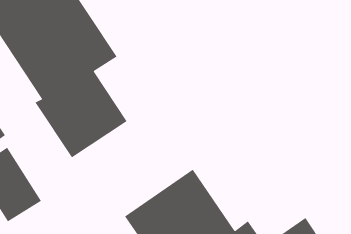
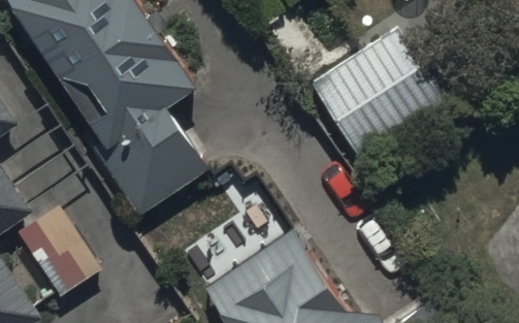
building: none -> [310,30,443,158]

